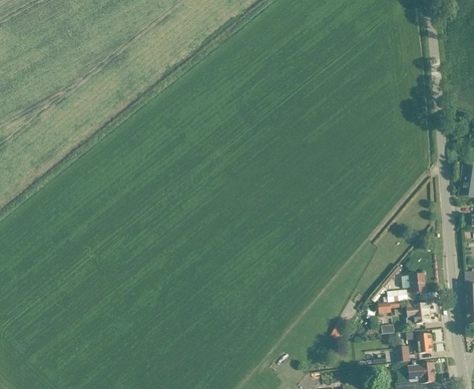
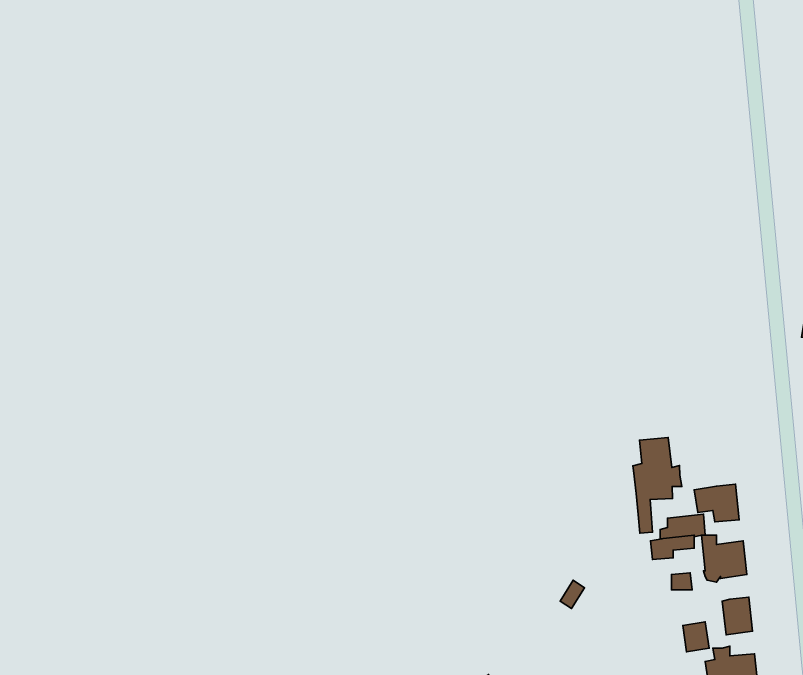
building: none -> [633,438,682,533]

